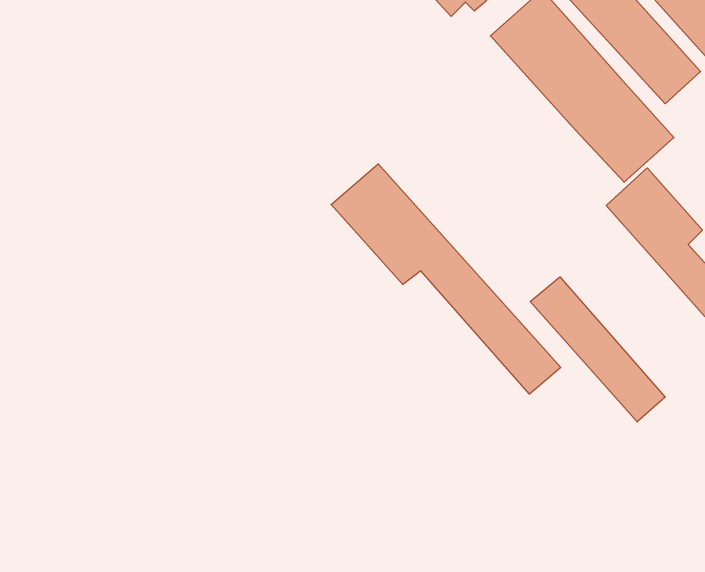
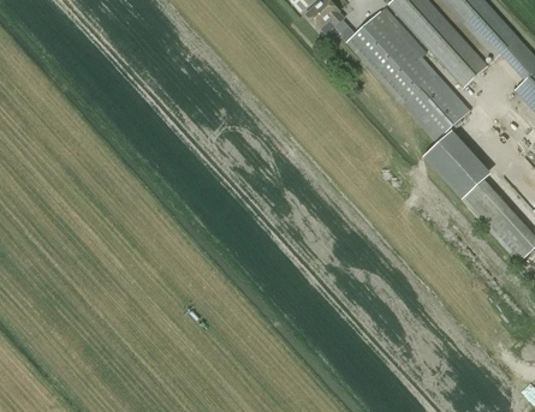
building: [331,164,561,394] -> none
building: [530,277,665,422] -> none

